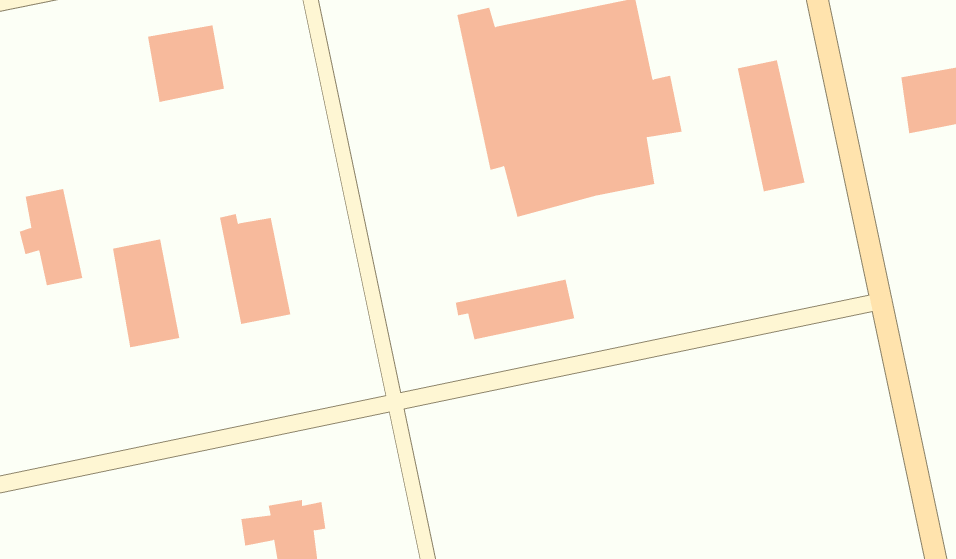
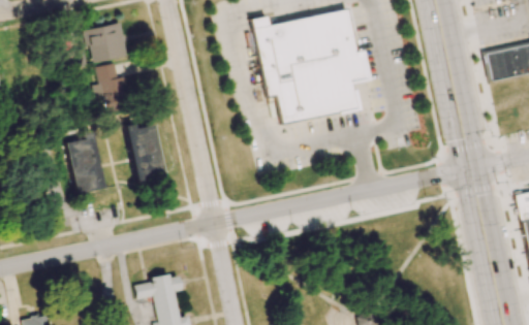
building: [737,59,805,192] -> none
building: [19,189,83,286] -> [96,62,130,113]
building: [455,279,575,340] -> none

